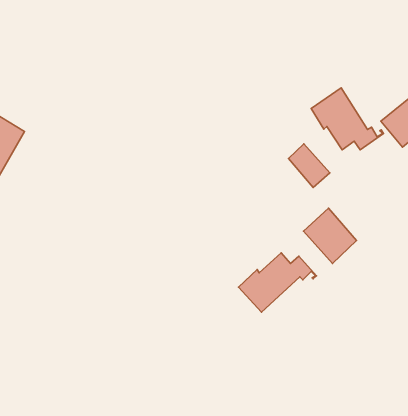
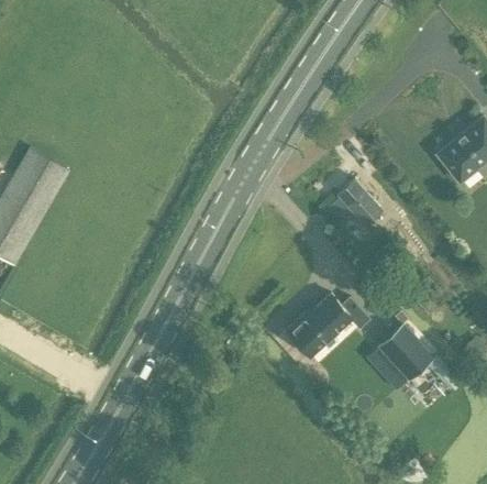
building: [311,88,383,150] -> none
building: [303,208,356,263] -> [377,326,433,384]

